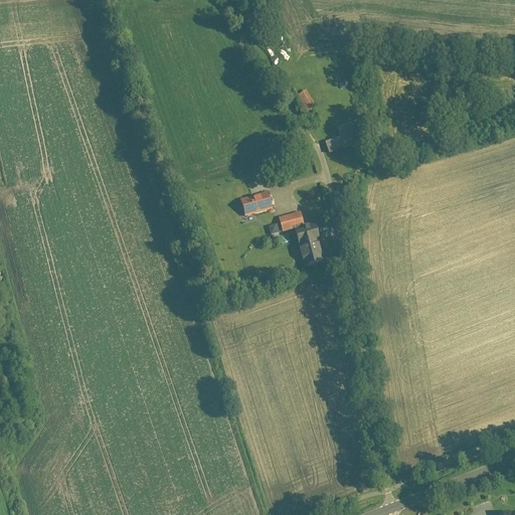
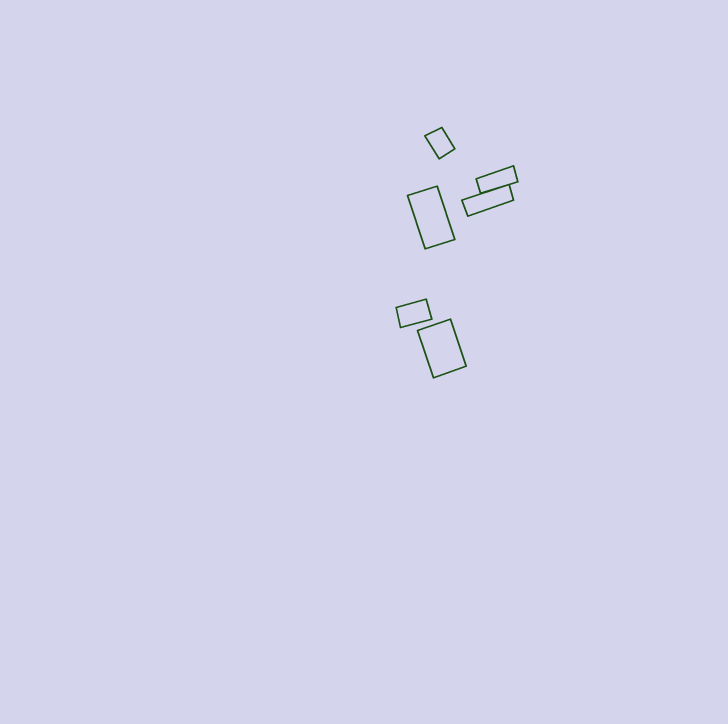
building: none -> [407,186,455,249]
building: [239,191,273,214] -> none

